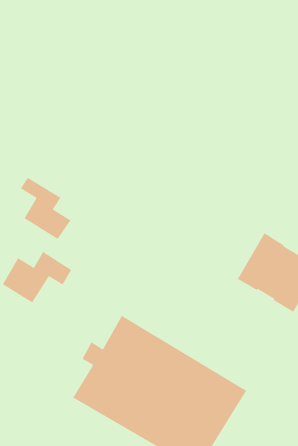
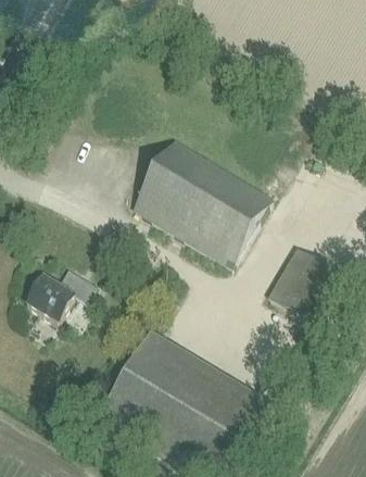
building: none -> [130,137,269,263]
building: [20,177,71,240] -> none

